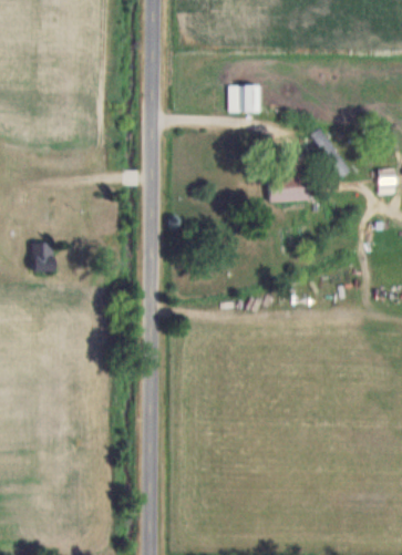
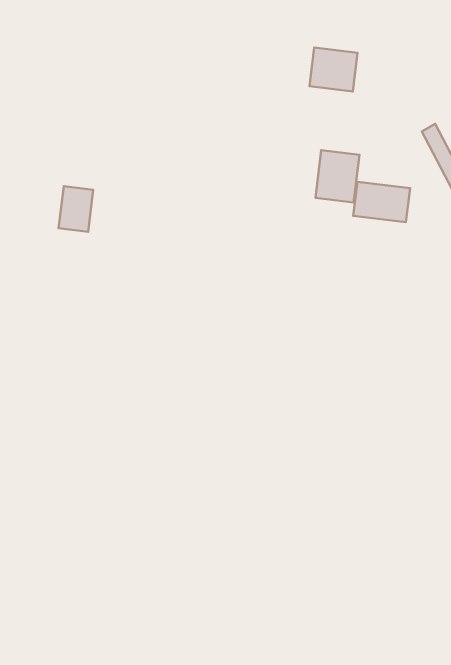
building: none -> [315,150,359,202]
building: [33,244,54,274] -> [59,186,93,232]

